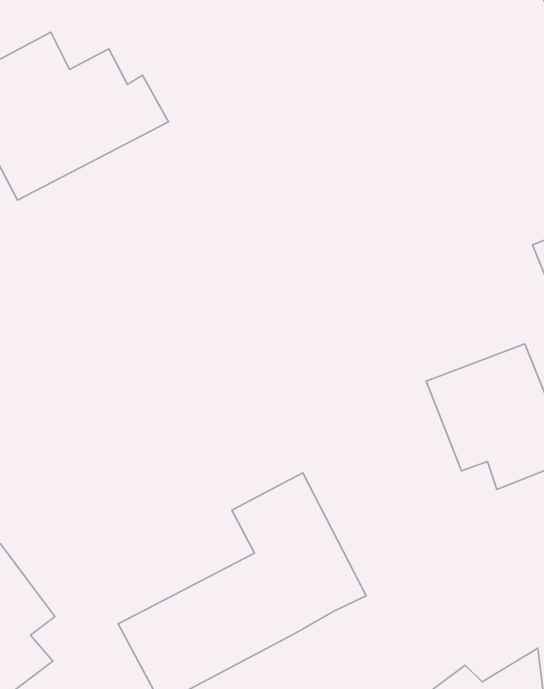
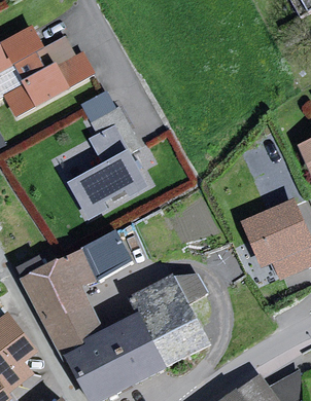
building: none -> [66,107,148,223]
building: none -> [26,229,130,344]

